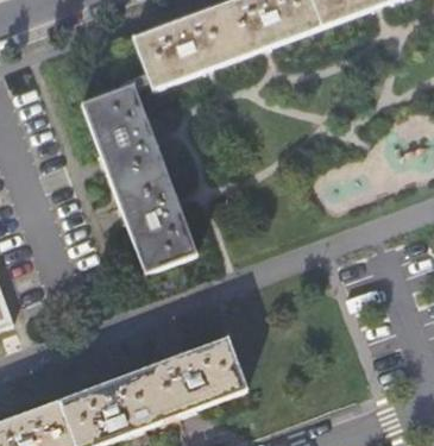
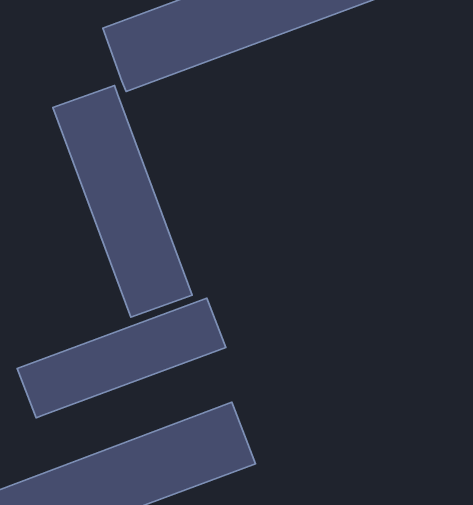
building: none -> [17,298,226,418]

